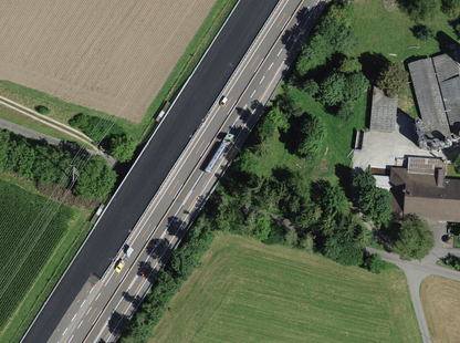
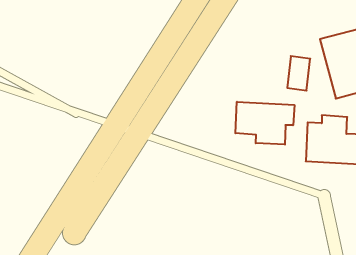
building: none -> [235,102,294,145]

